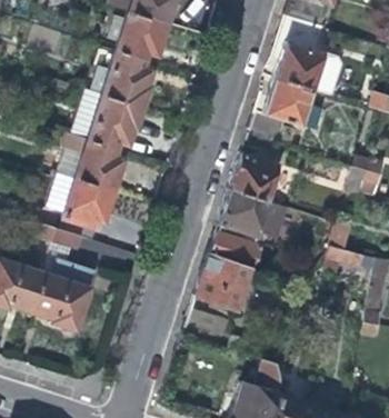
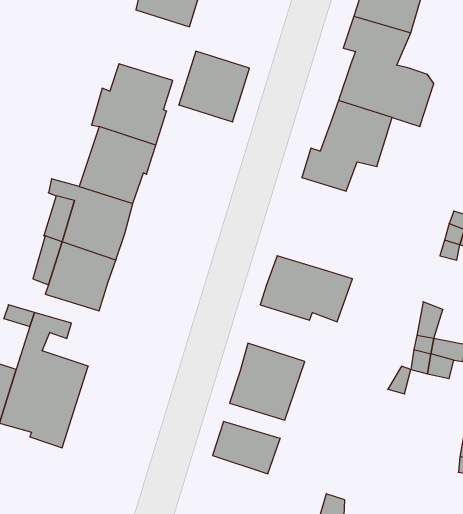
building: [117,10,168,61] -> [179,51,249,122]
building: [231,151,280,199] -> none
building: [210,231,265,267] -> none

